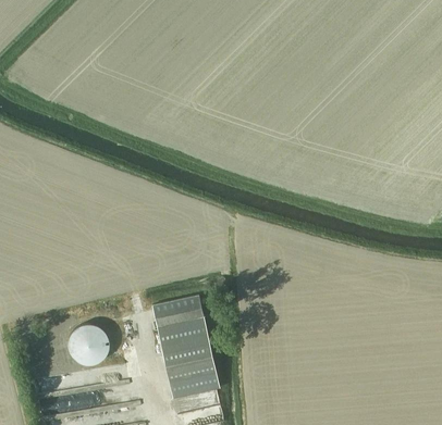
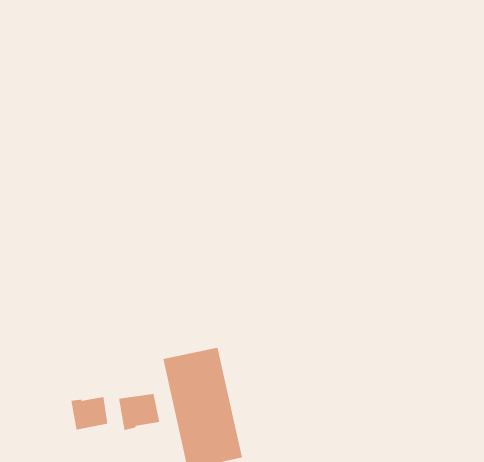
building: none -> [118,393,160,431]

